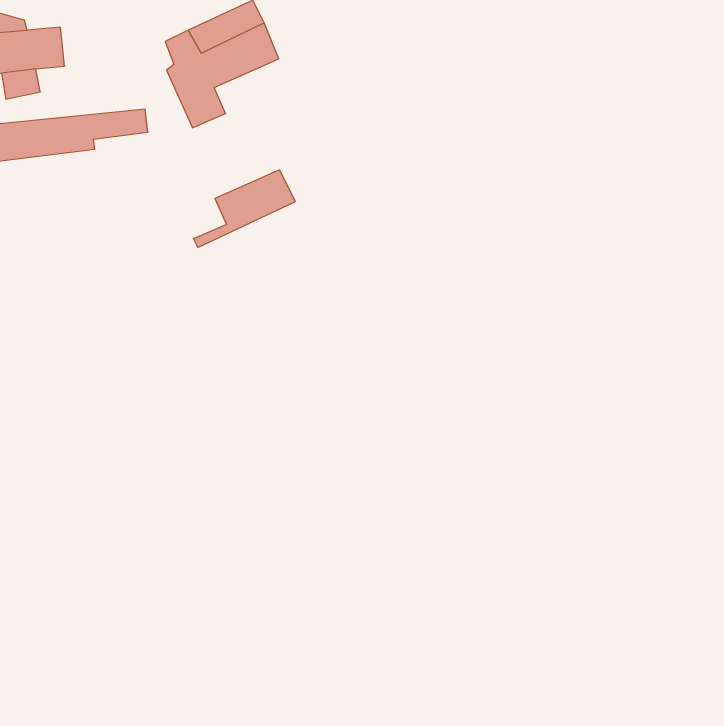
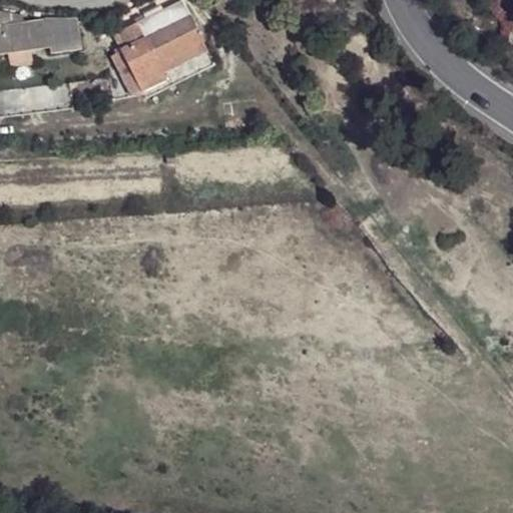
building: none -> [42,19,76,55]
building: [193,170,295,247] -> [134,41,205,95]

